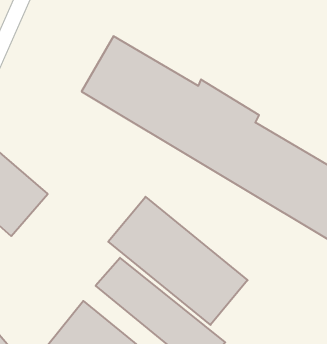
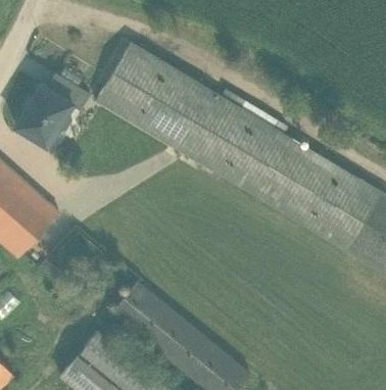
building: none -> [15,75,89,147]
building: [108,197,248,325] -> none

